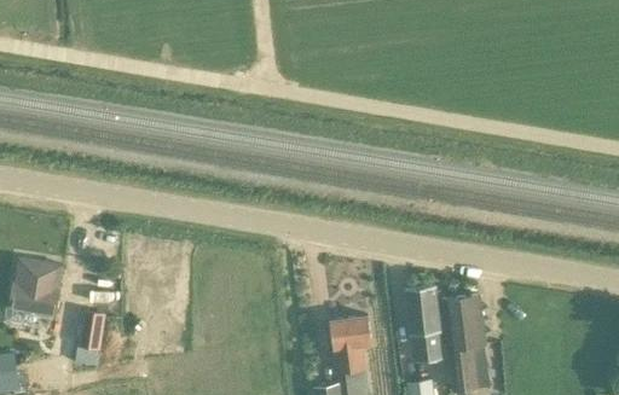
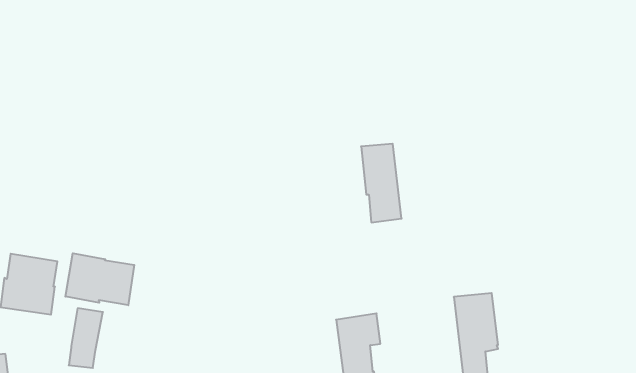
building: none -> [65,253,134,305]
building: [405,287,444,362] -> [361,144,402,222]

